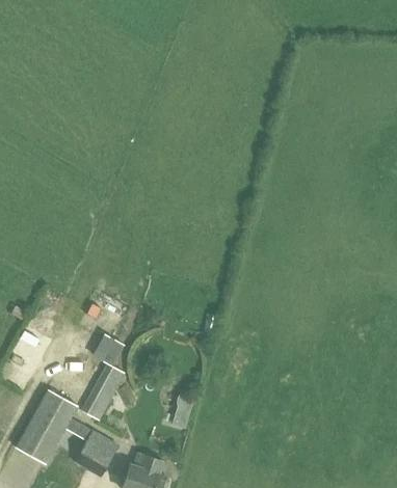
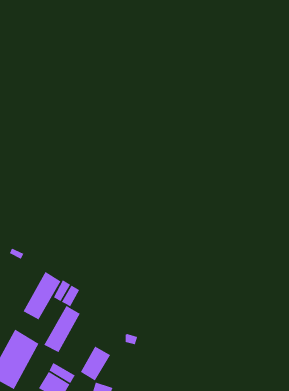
building: none -> [22,271,61,320]
building: none -> [80,345,111,381]

